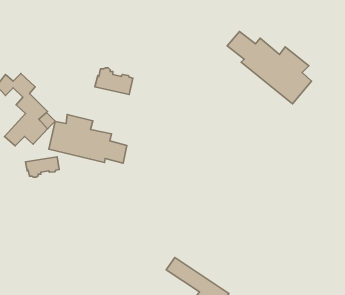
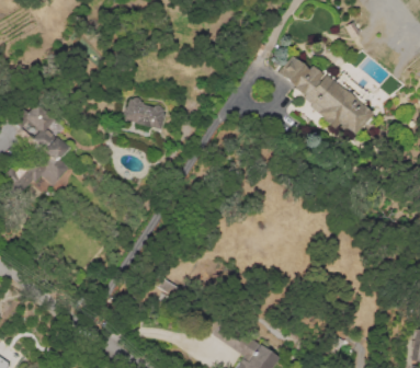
building: [49,114,127,163] -> none
building: [26,157,59,177] -> none

